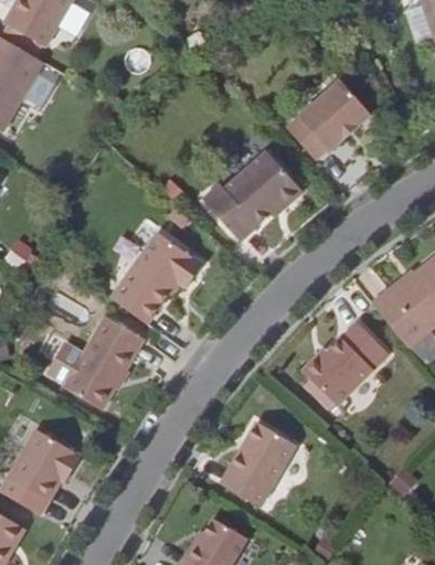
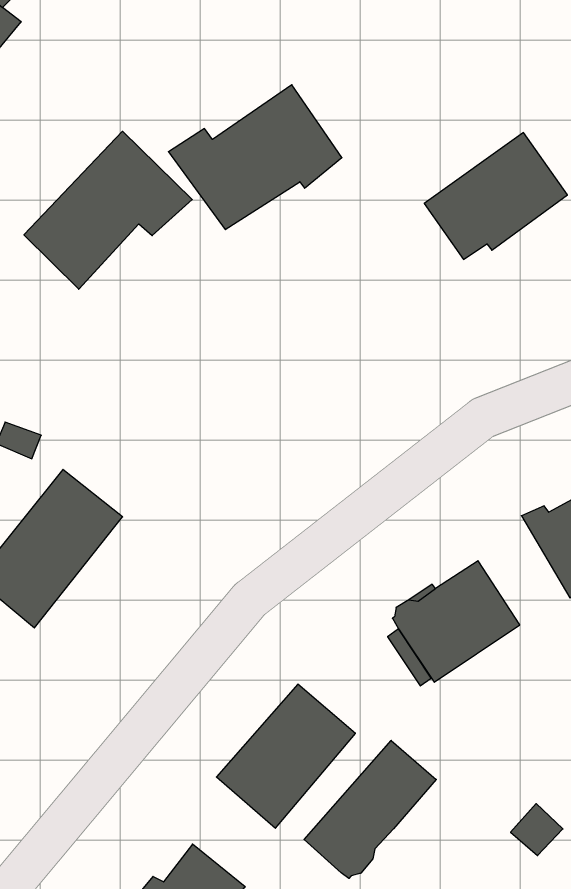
building: [206,150,307,239] -> [168,85,342,230]
building: [113,231,206,326] -> [24,131,192,289]
building: none -> [304,740,436,878]

